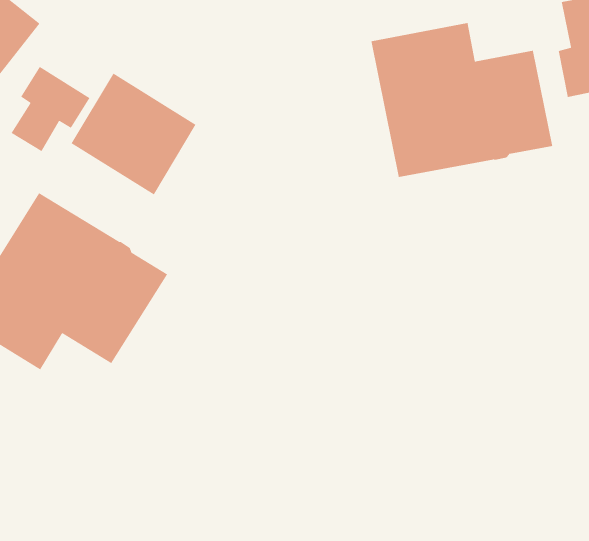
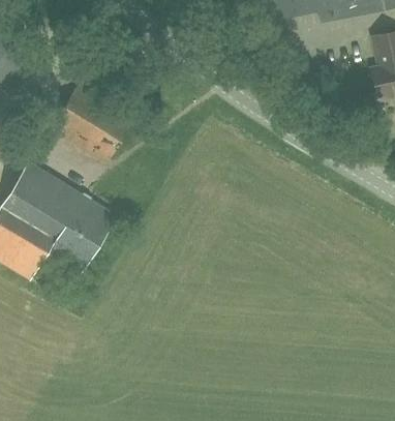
building: [371,22,553,178] -> none
building: [11,66,91,152] -> none

